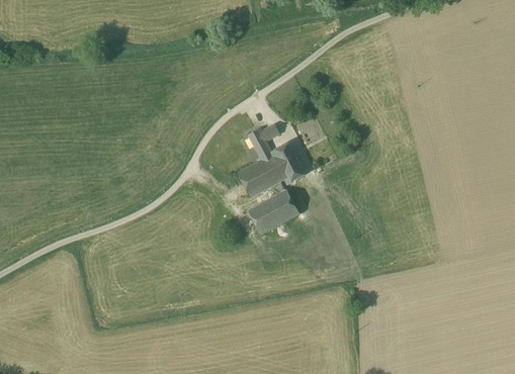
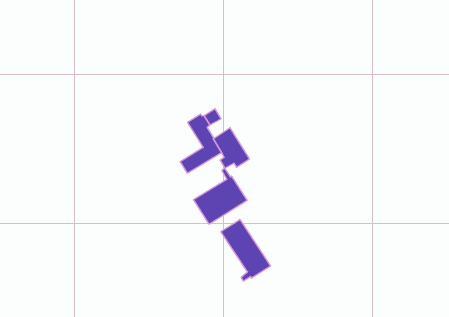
building: [244,165,280,196] -> none
building: none -> [221,219,270,281]

